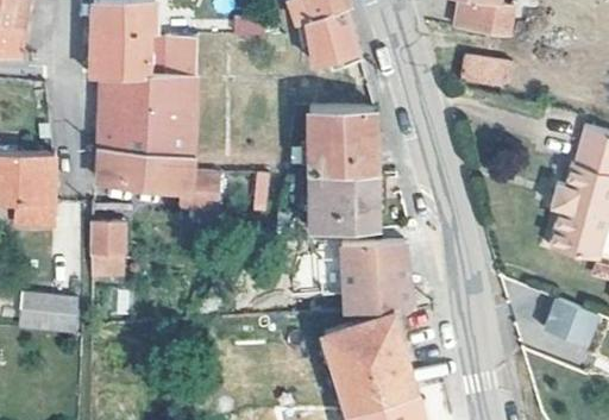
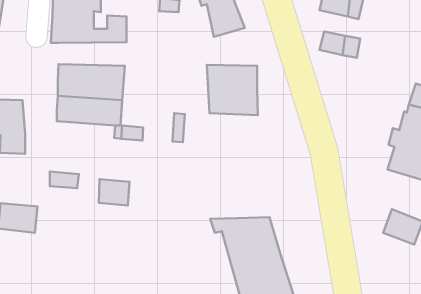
building: [102,75,194,107] -> none
building: [306,171,372,232] -> none
building: [90,218,132,253] -> [99,179,130,206]
building: [339,242,408,313] -> none

